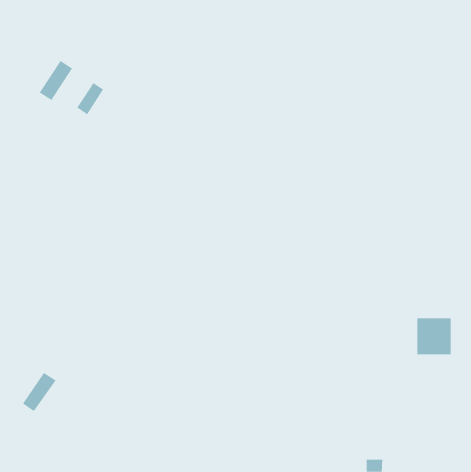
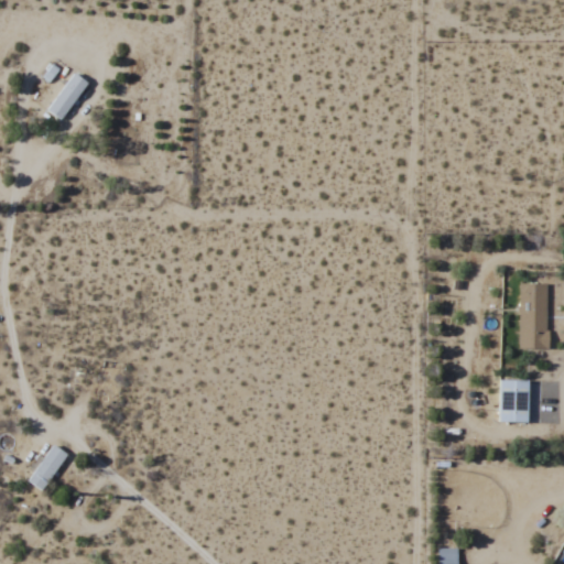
building: [76,82,104,115] -> none
building: none -> [519,283,549,350]

